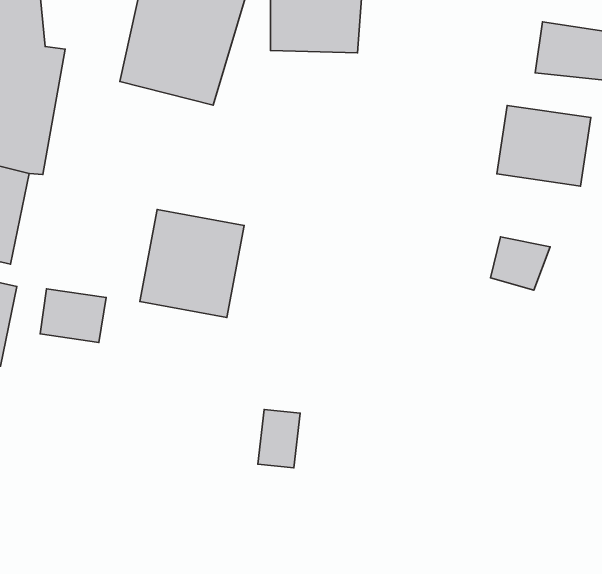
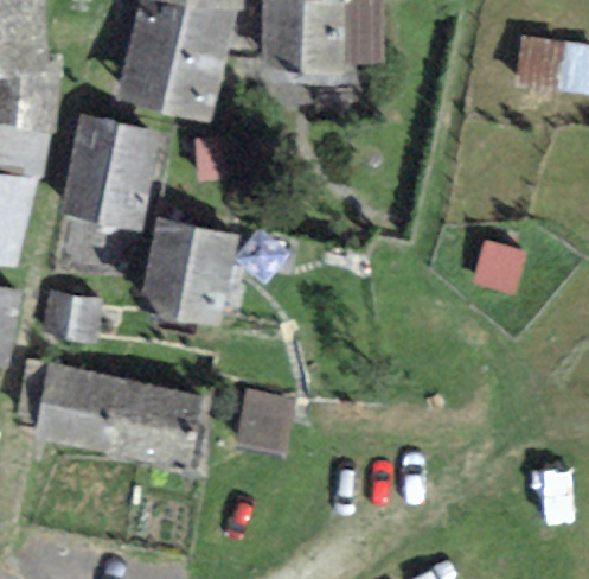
building: none -> [60,115,159,227]
building: [497,105,591,186] -> none
building: none -> [37,364,206,465]

